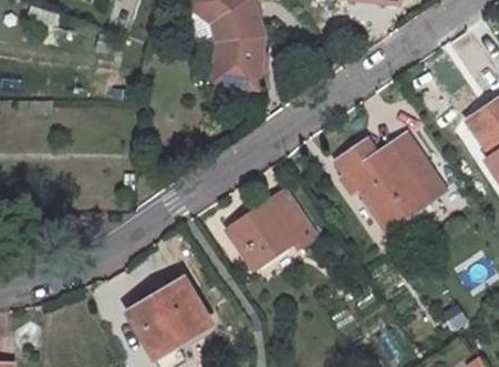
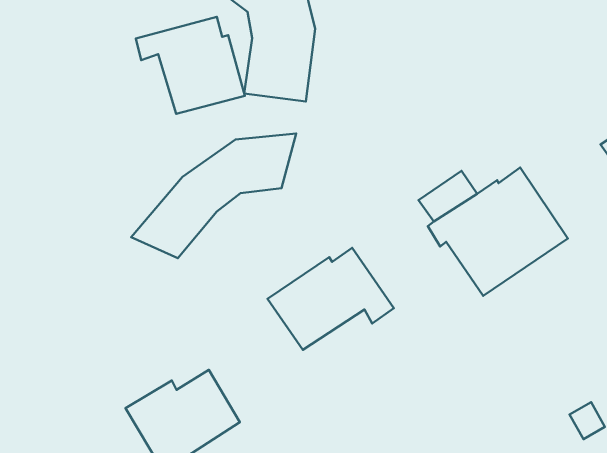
building: none -> [136,17,245,114]
building: none -> [131,134,296,258]

